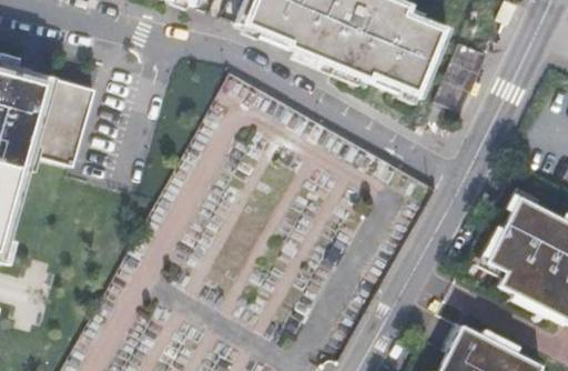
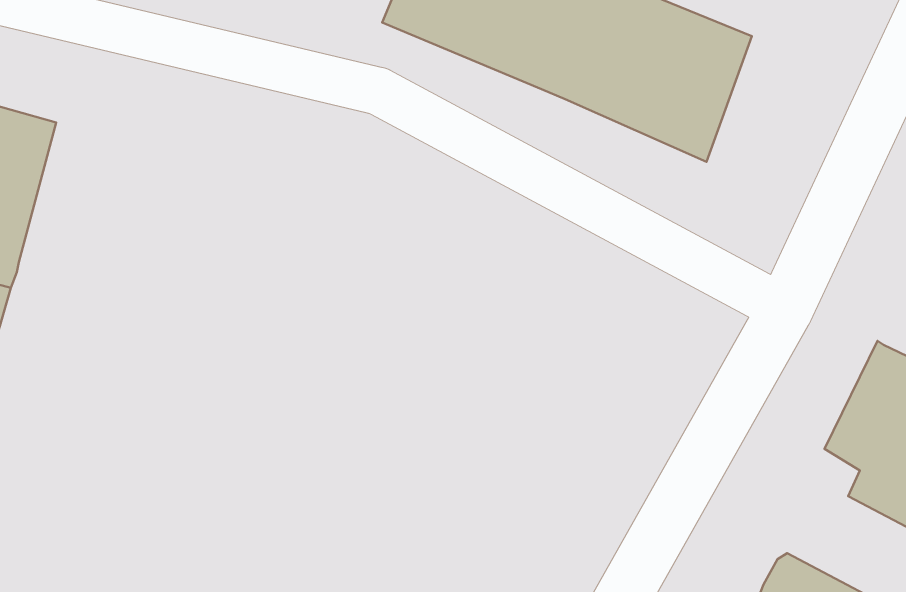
building: [32,76,95,167] -> none

